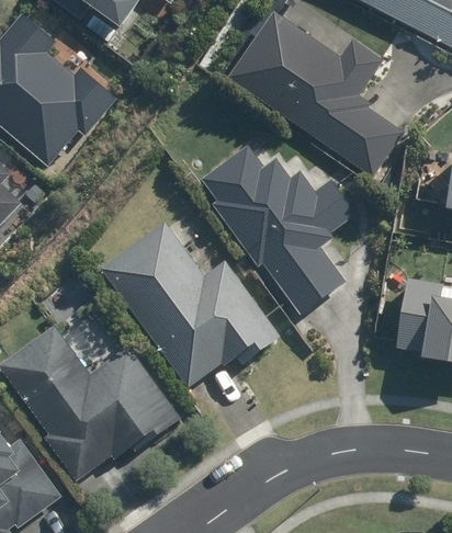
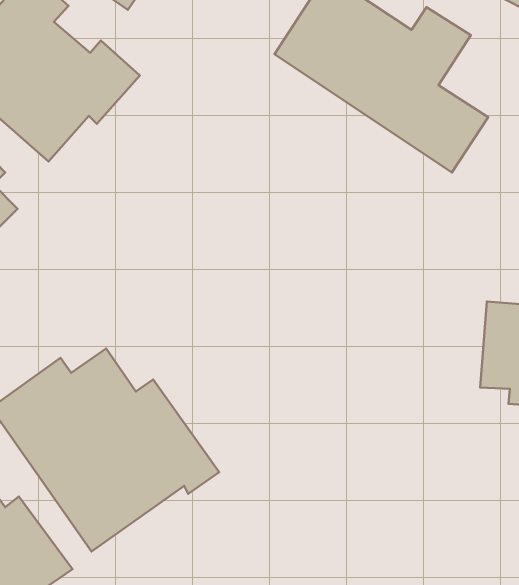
building: [197,147,358,315] -> none
building: [102,222,279,389] -> none

